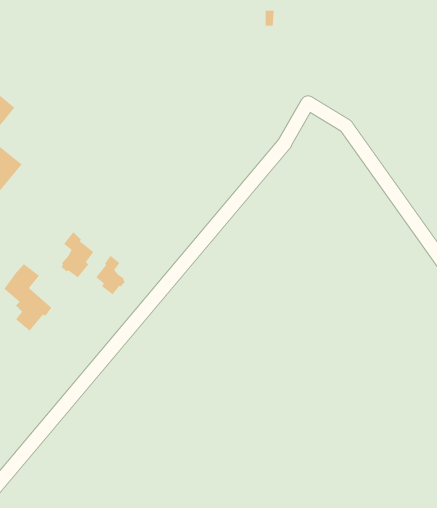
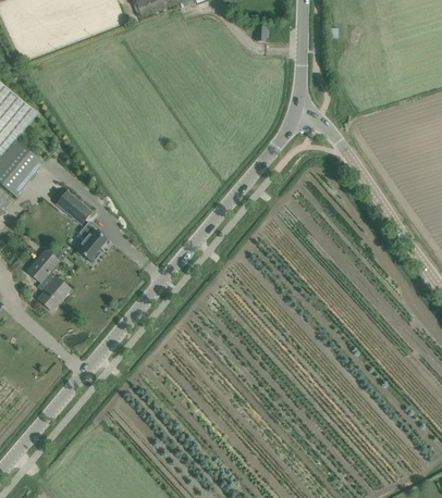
building: none -> [56,190,91,224]
building: [96,255,125,295] -> none

